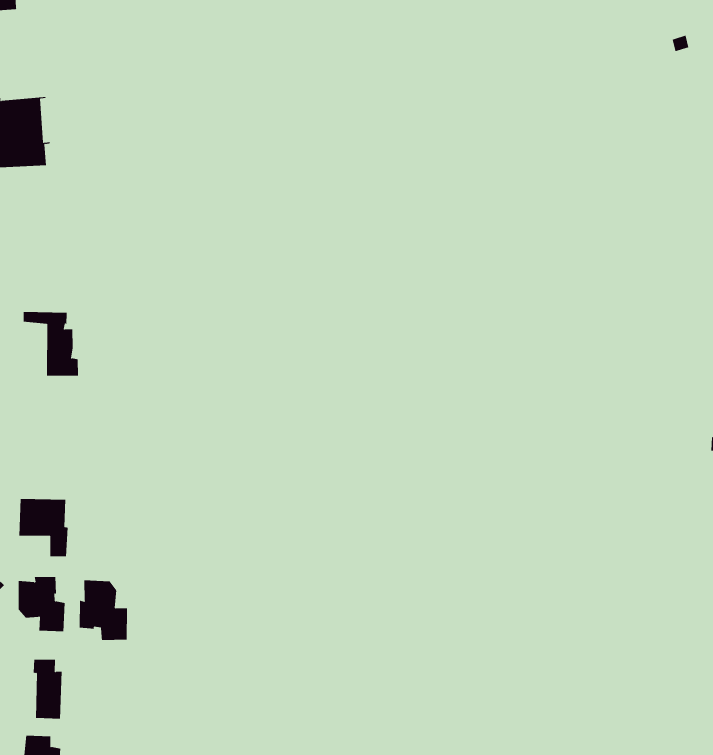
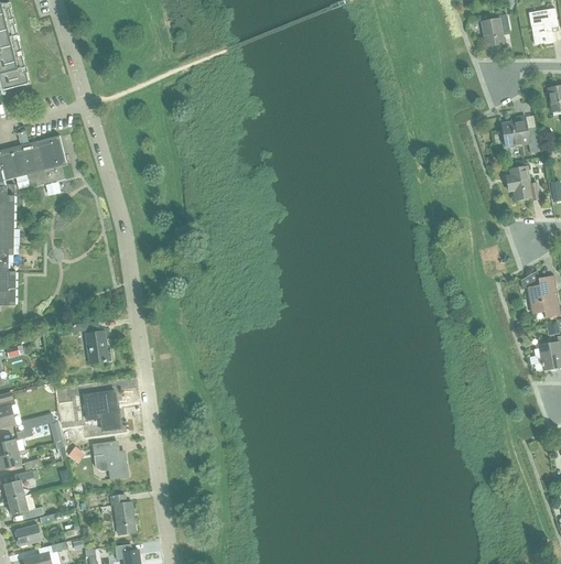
building: [23,312,79,376] -> [68,321,111,364]
building: [79,579,127,641] -> none

